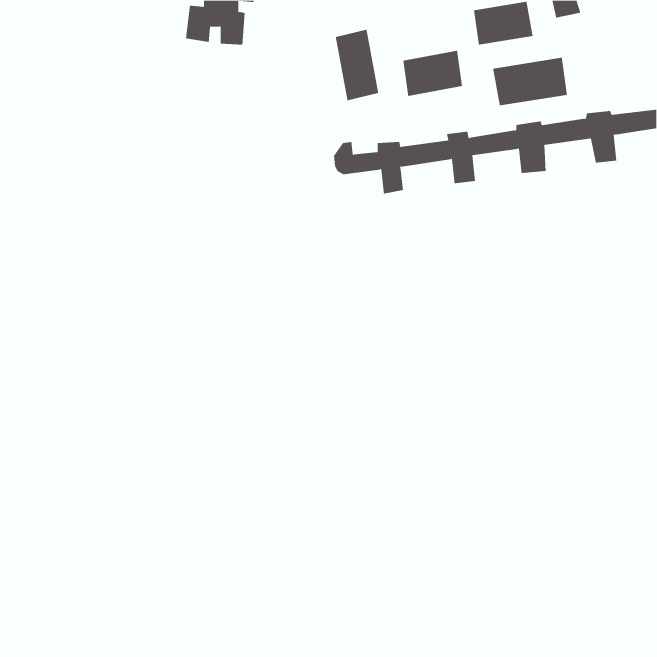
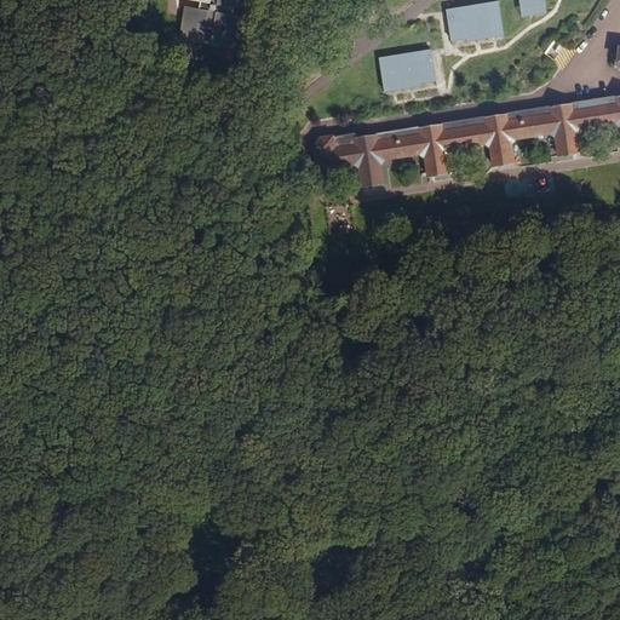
building: [335,29,379,101] -> none
building: [493,57,567,106] -> none

